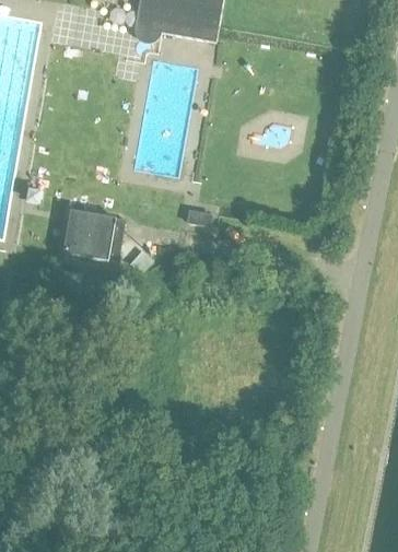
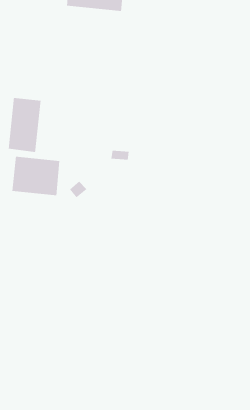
building: none -> [8,97,41,153]

